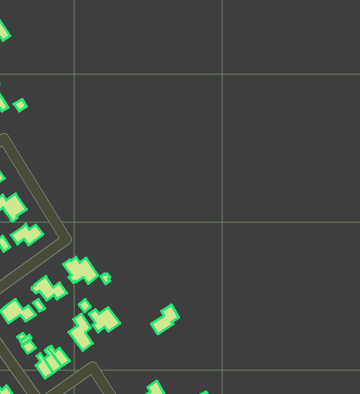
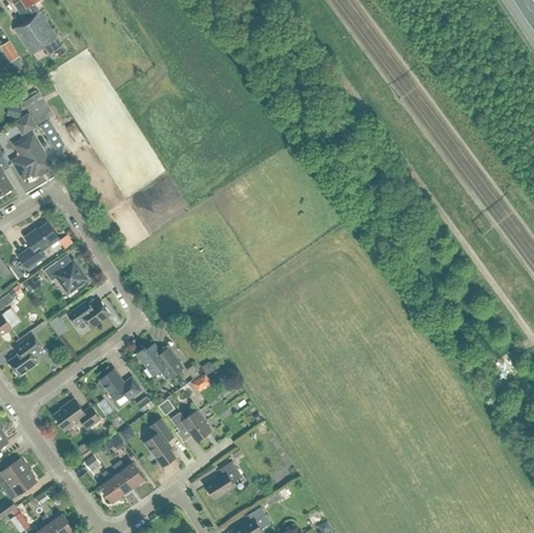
building: [151,305,179,334] -> [206,460,242,499]

